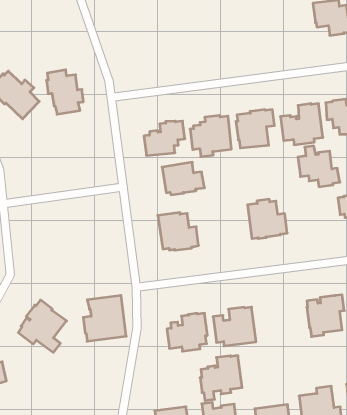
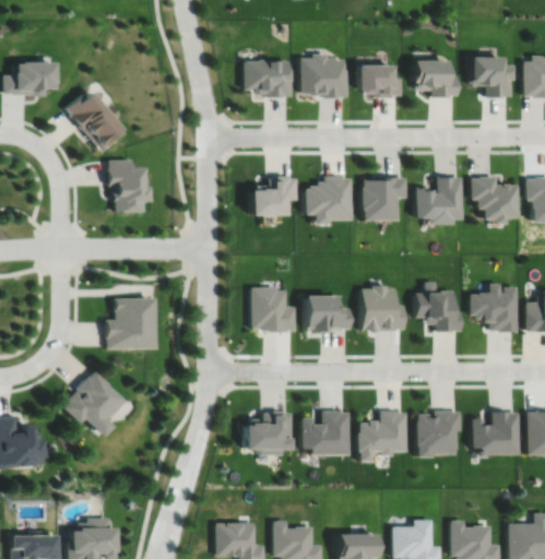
building: none -> [411,58,459,96]
building: none -> [300,52,347,97]
building: none -> [356,62,402,96]
building: none -> [242,58,292,96]
building: [46,70,83,114] -> [107,158,149,211]
building: [298,146,340,187] -> [415,282,462,332]
building: [162,162,205,195] -> [303,295,351,331]
building: [83,295,126,341] -> [105,298,154,348]
building: [200,356,242,401] -> [357,412,406,462]

